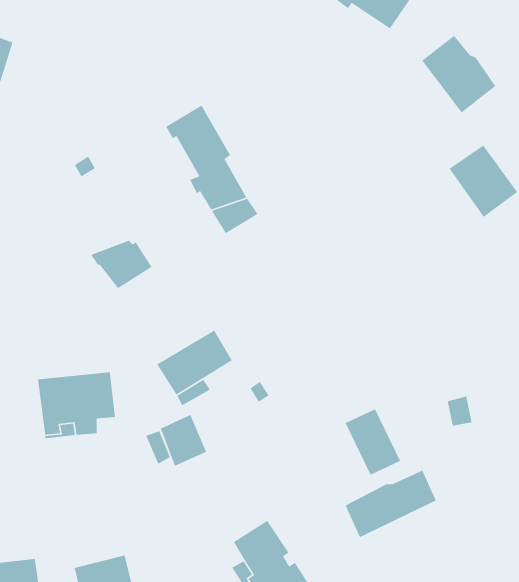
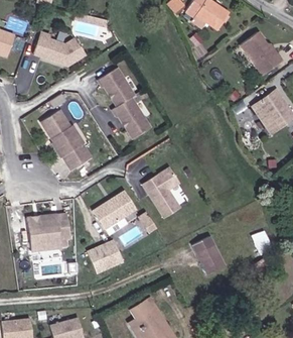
building: none -> [34,33,85,67]
building: none -> [39,110,78,151]
building: none -> [141,171,178,219]
building: [345,470,437,538] -> none

